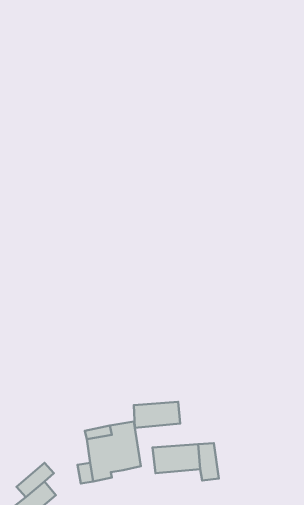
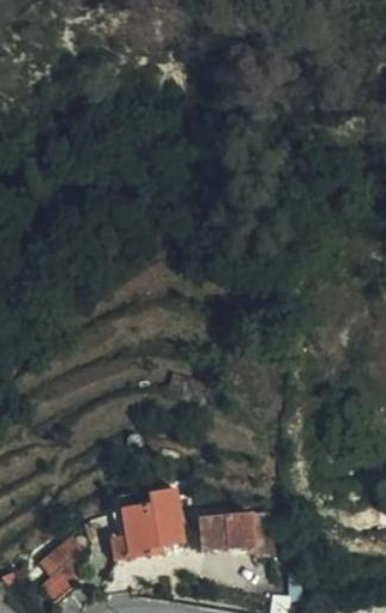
building: [134,402,180,428] -> none

